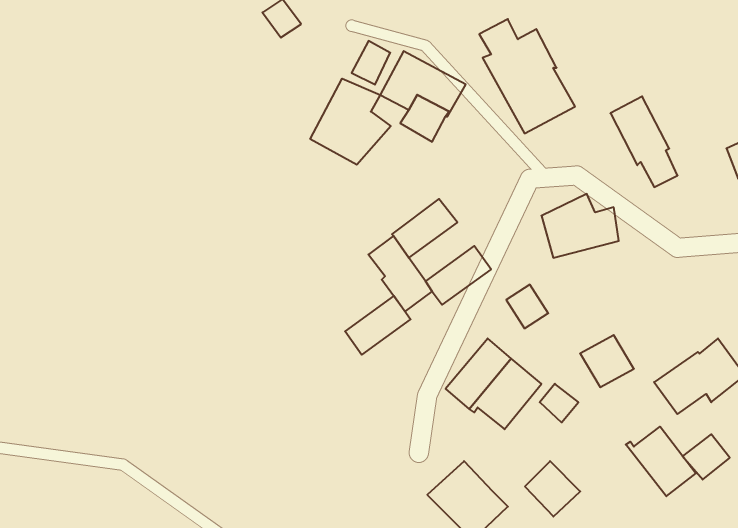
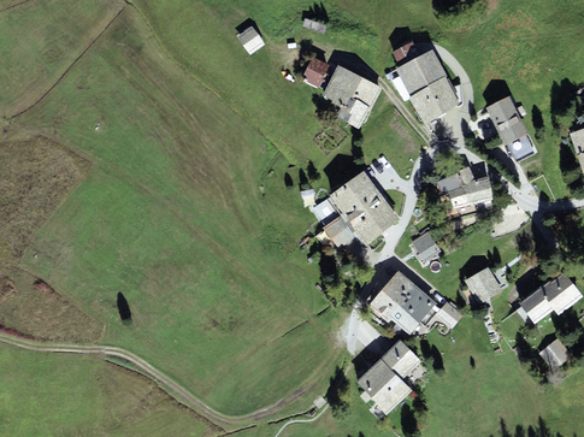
building: [310,79,391,165] -> none
building: [345,296,411,355] -> [341,187,388,229]
building: [626,427,696,496] -> none
building: [525,461,580,517] -> [381,339,420,379]

